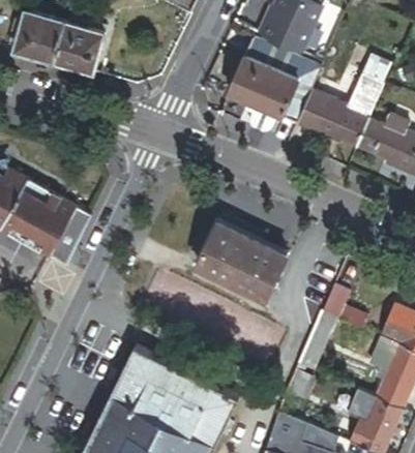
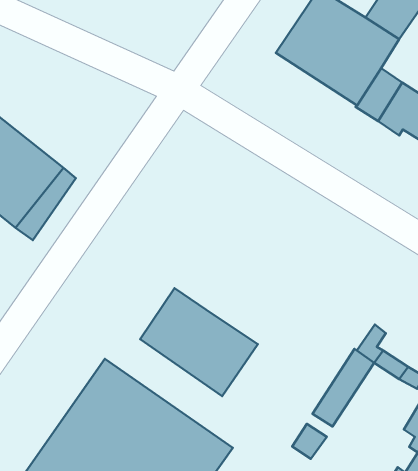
building: [199,219,288,295] -> [140,288,258,396]

